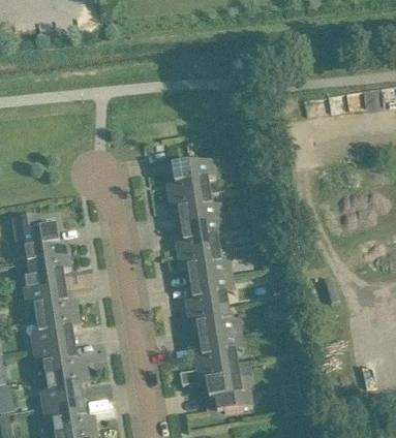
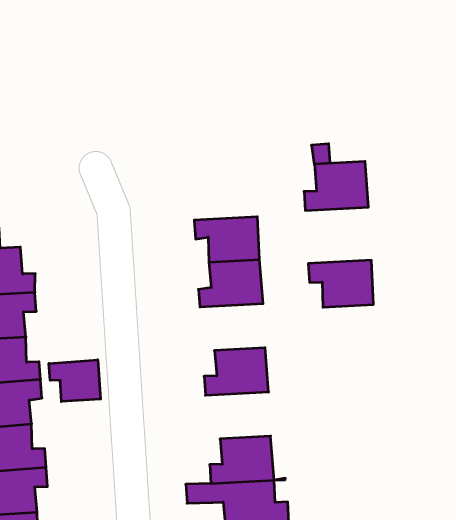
building: [165,159,209,195] -> [304,161,368,210]
building: [177,246,222,280] -> [308,260,373,307]
building: none -> [49,360,101,402]
building: [186,304,232,338] -> none

